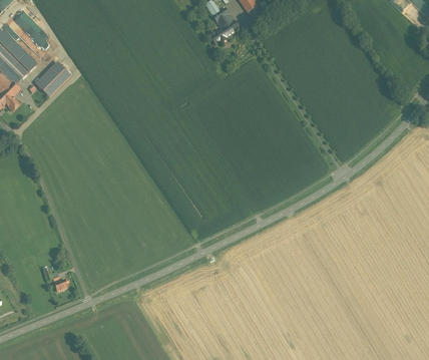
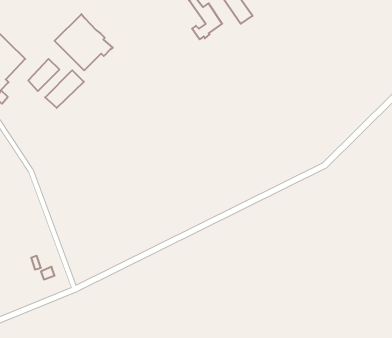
building: none -> [55,14,113,70]
building: none -> [45,70,84,108]

